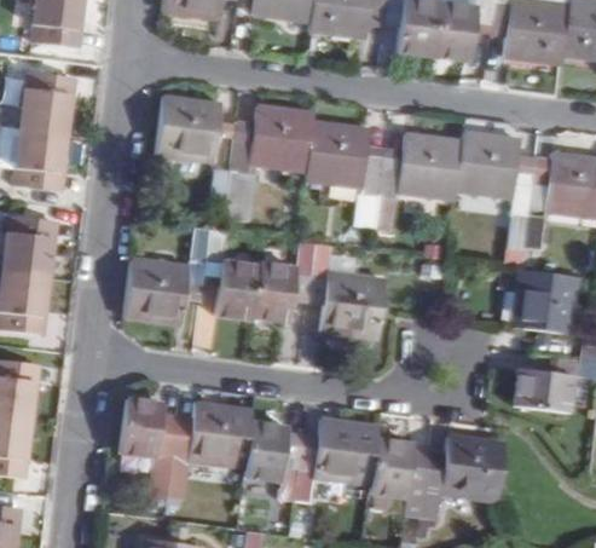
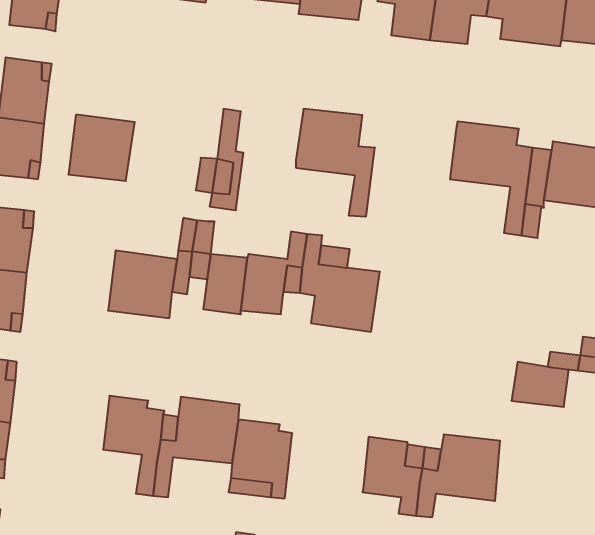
building: [158,96,222,160] -> [68,115,135,181]
building: [248,106,313,172] -> none
building: [374,133,461,229] -> none
building: [510,267,577,335] -> none
building: [295,417,378,501] -> none

